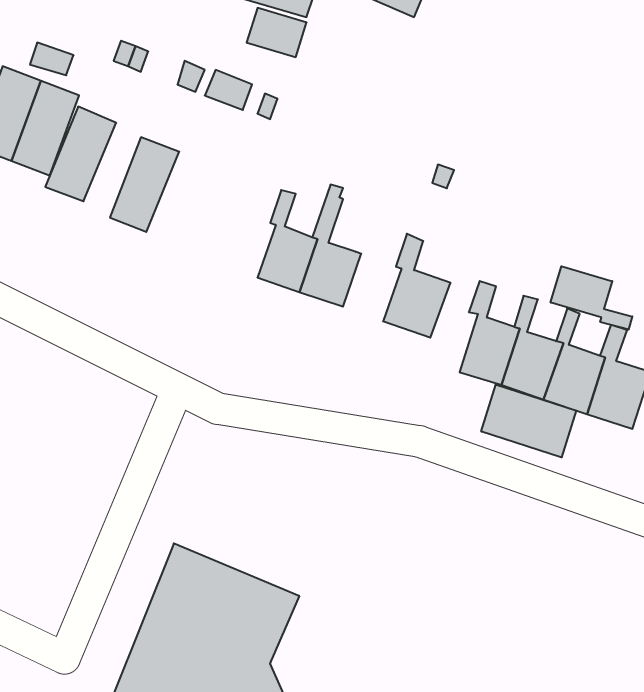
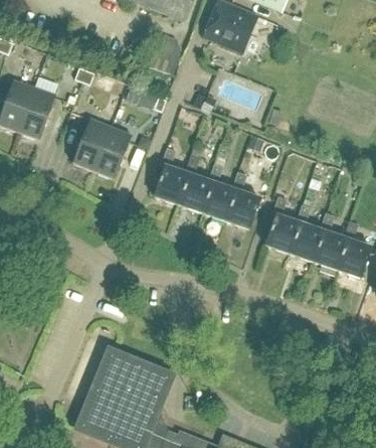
building: [45,107,116,201] -> [92,127,132,179]
building: none -> [201,165,233,220]
building: [551,266,632,330] -> none
building: [481,385,576,457] -> none

